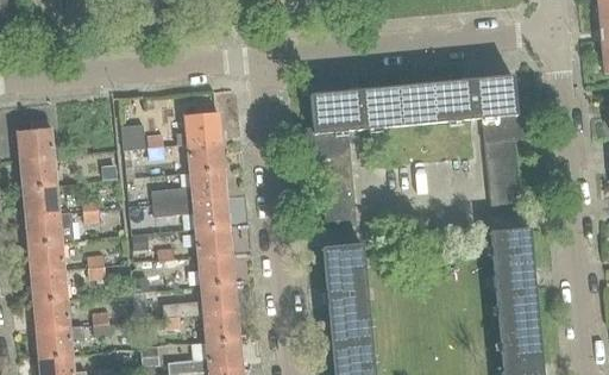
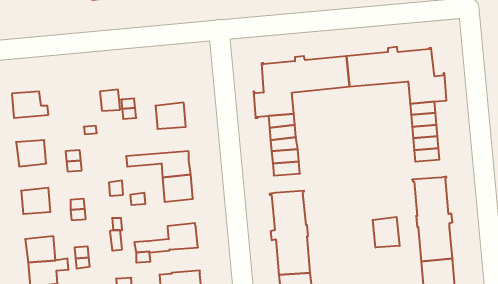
building: [176,112,220,145] -> none
building: [20,155,62,187] -> none
building: [151,169,226,204] -> none
building: [26,212,74,244] -> none
building: [197,254,233,286] -> none
building: [31,269,67,301] -> none
building: none -> [373,217,400,248]
building: [203,311,239,340] -> none

